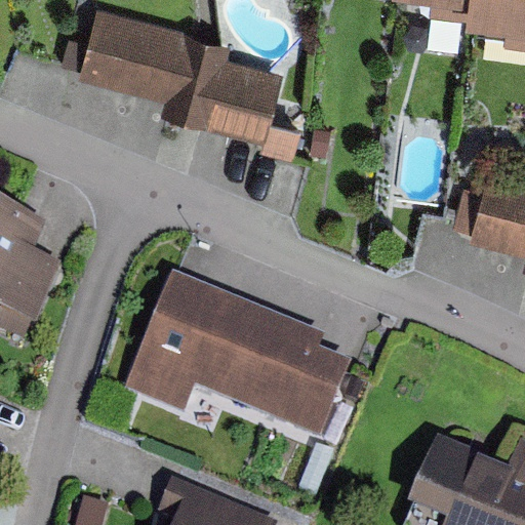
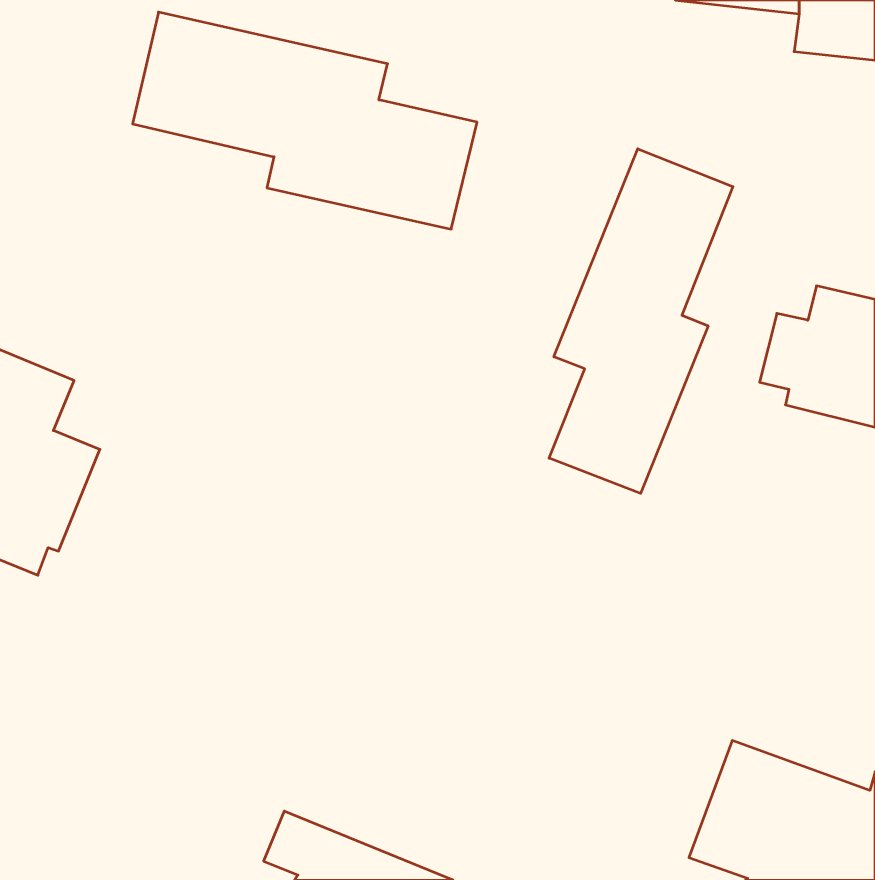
building: none -> [549,149,733,493]
building: [124,278,350,443] -> none

